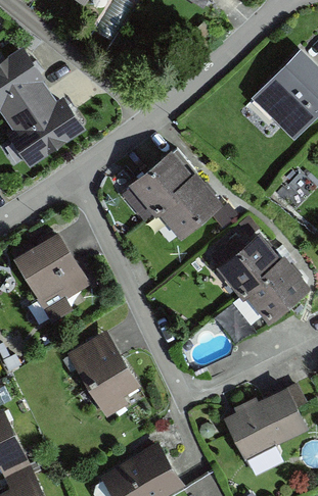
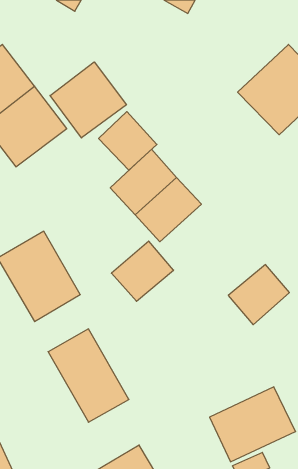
building: none -> [50,62,126,138]
building: none -> [99,112,157,170]
building: [219,236,280,295] -> [111,241,174,301]

